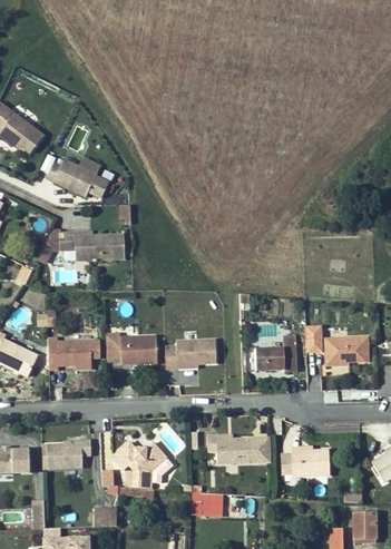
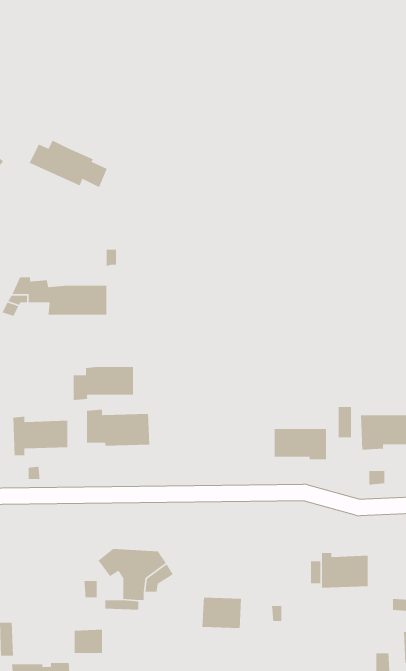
building: [41,155,105,194] -> [29,139,108,188]
building: [165,339,214,366] -> [73,366,134,401]
building: [208,434,274,461] -> none
building: [49,437,92,464] -> none

